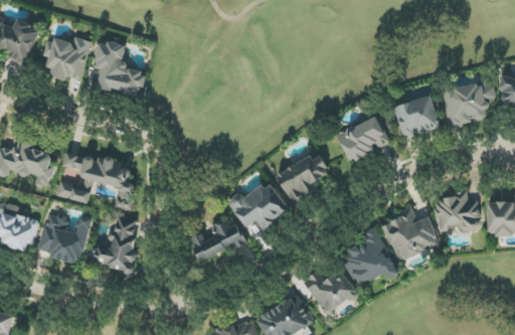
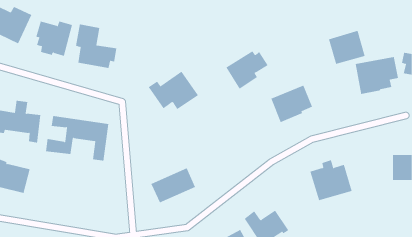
building: [393,96,440,138] -> [328,30,366,64]
building: [276,155,329,203] -> [225,50,268,89]
building: [226,181,290,229] -> [148,71,199,110]
building: [435,195,479,231] -> none
building: [37,215,90,263] -> none
building: [87,216,140,272] -> none
building: [339,227,401,287] -> none

